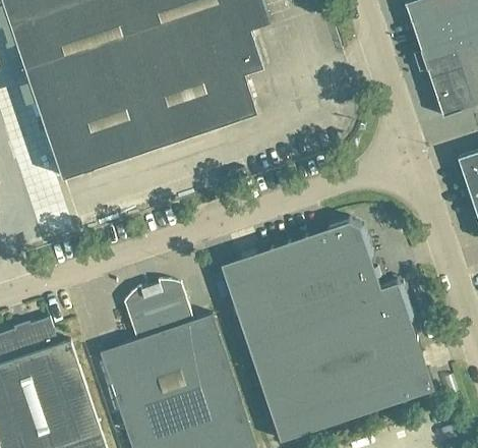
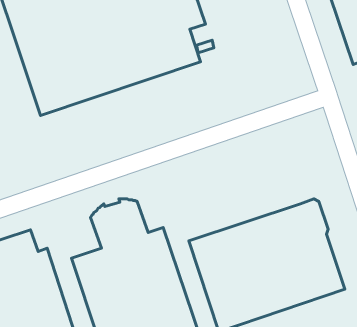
building: [221,218,379,331] -> none

